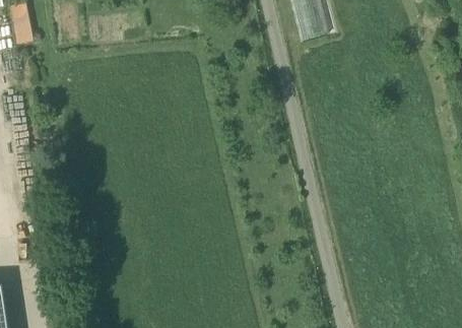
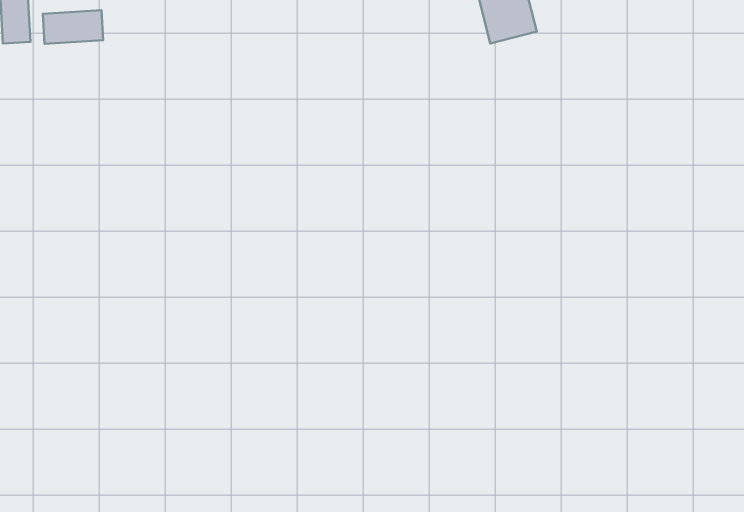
building: none -> [43,10,103,44]

